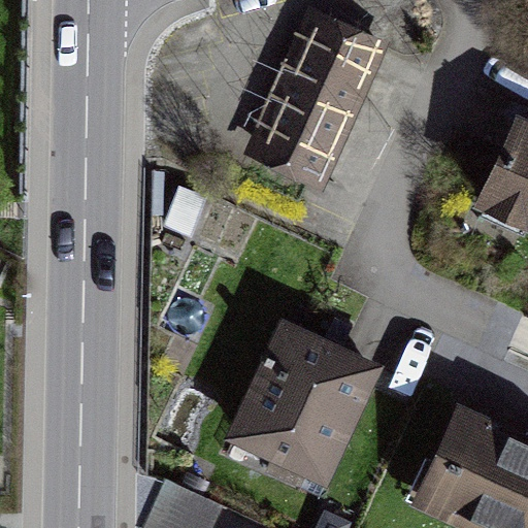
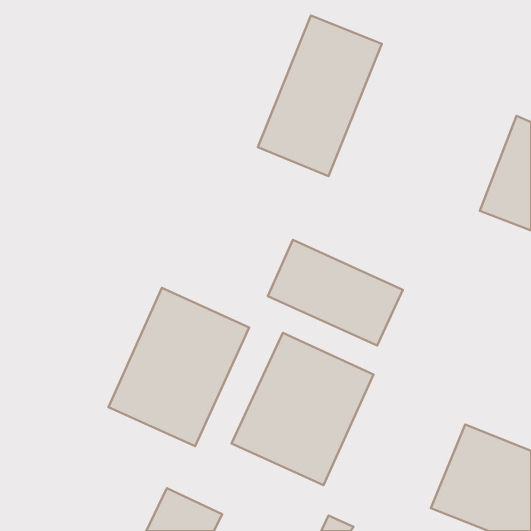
building: none -> [268,240,403,346]
building: none -> [108,288,249,446]

